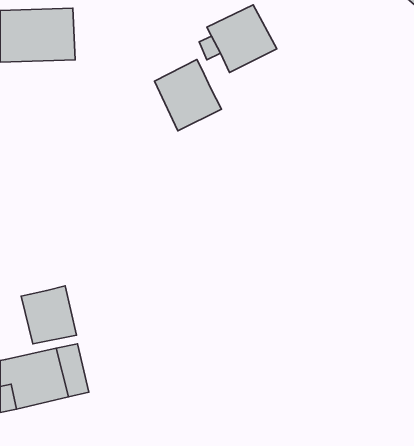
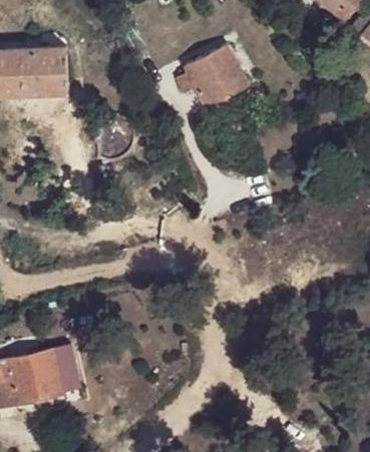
building: [154,59,222,131] -> none
building: [21,286,77,344] -> none

